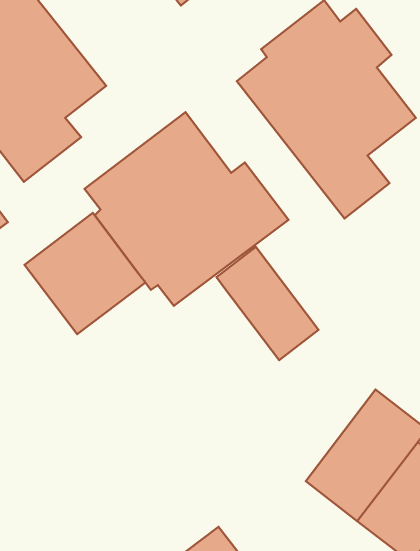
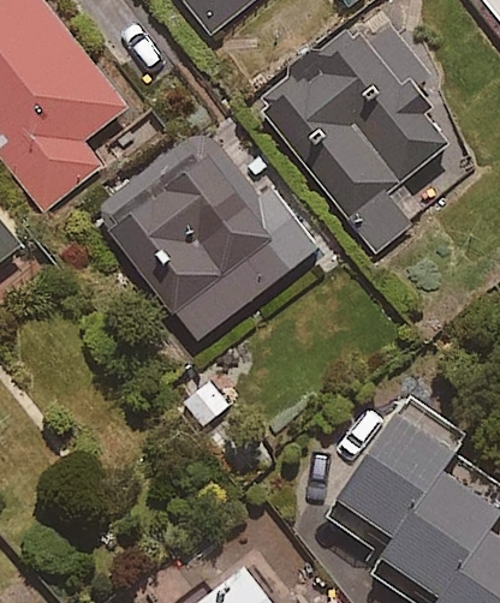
building: [24,213,145,334] -> none
building: [217,247,318,360] -> none

